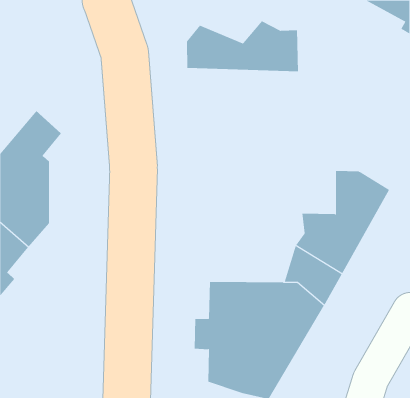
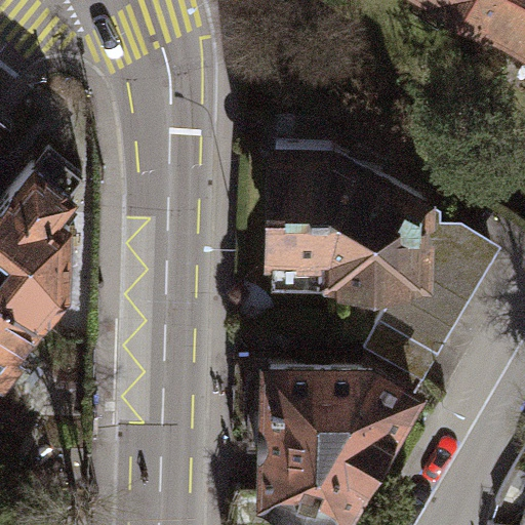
building: [186,20,298,72] -> none
building: none -> [270,156,428,289]

